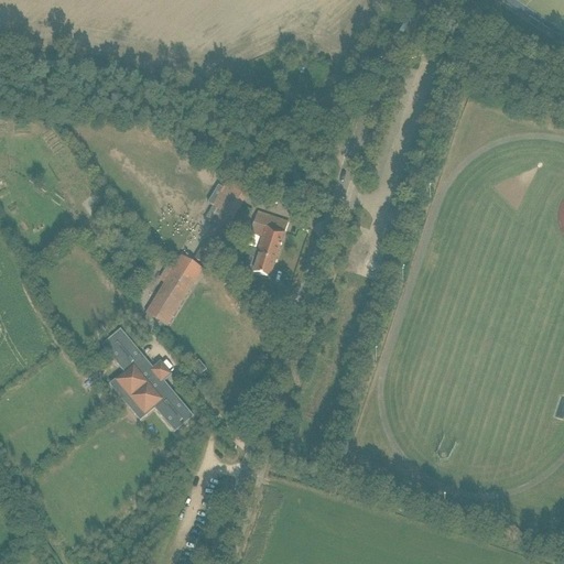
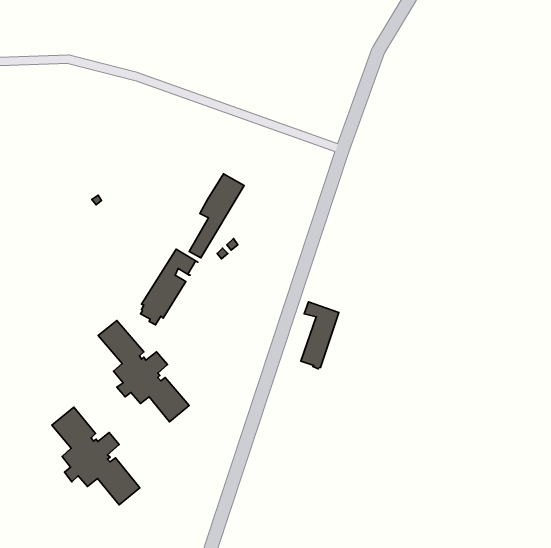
building: [249,209,288,278] -> [301,302,339,369]
building: none -> [52,407,140,505]

